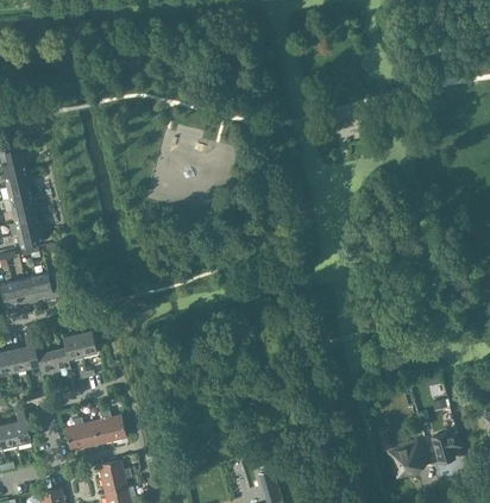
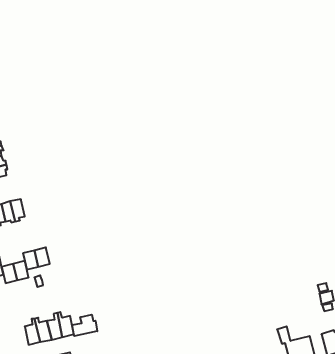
building: none -> [72,315,97,336]

